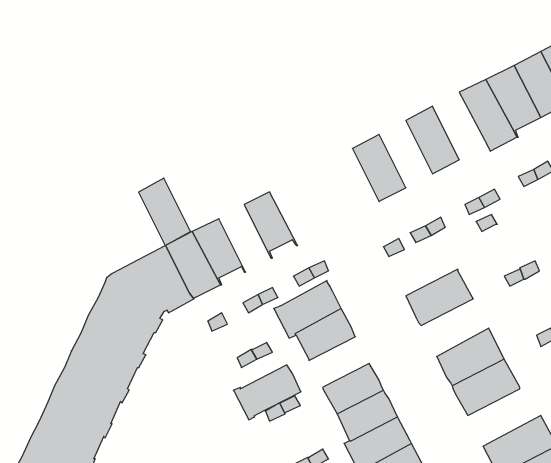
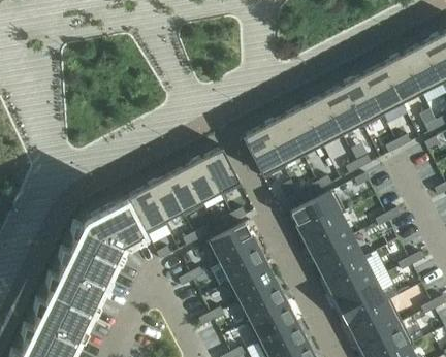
building: none -> [322,84,364,133]
building: none -> [283,104,322,154]
building: none -> [243,125,286,178]
building: none -> [202,147,243,196]
building: [139,178,191,246] -> [165,166,203,216]
building: none -> [291,189,346,233]
building: none -> [314,235,363,278]
building: [233,365,301,420] -> [226,263,276,303]
building: none -> [348,298,402,344]

